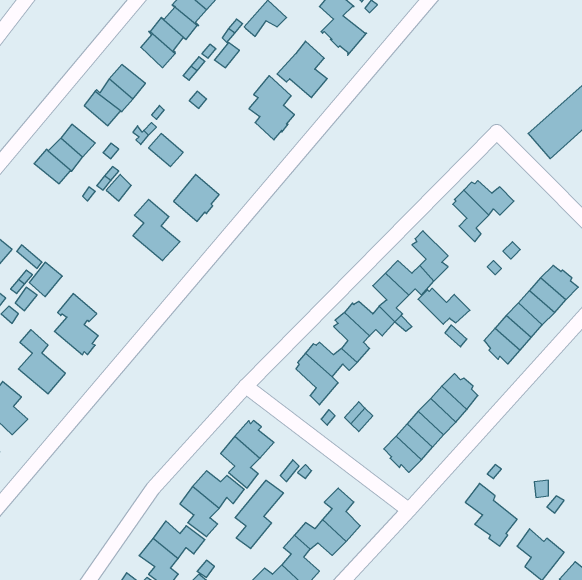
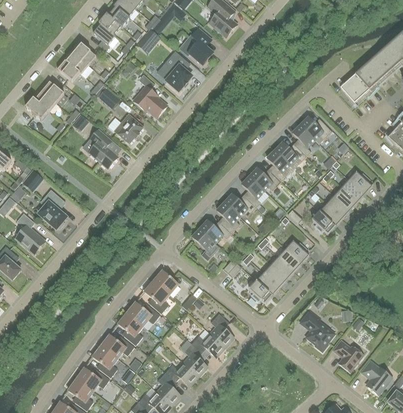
building: none -> [133,74,167,116]
building: [418,288,470,324] -> [273,142,306,165]
building: [235,480,283,549] -> none

